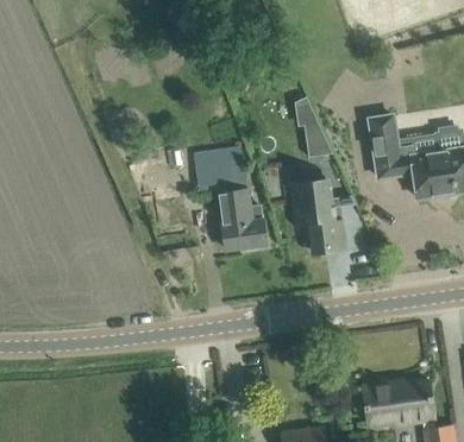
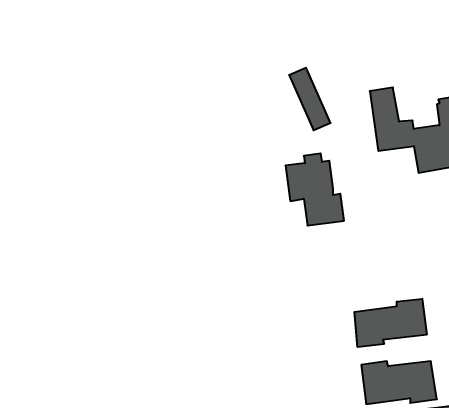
building: [195,144,265,251] -> none
building: none -> [354,299,427,347]

